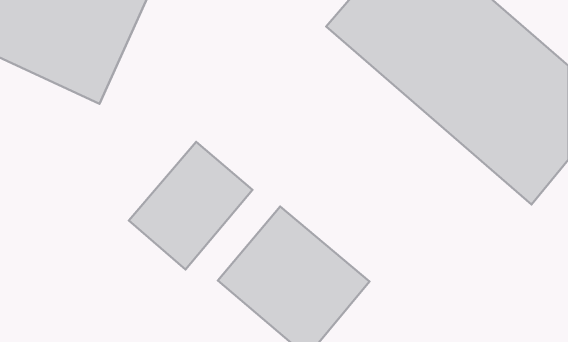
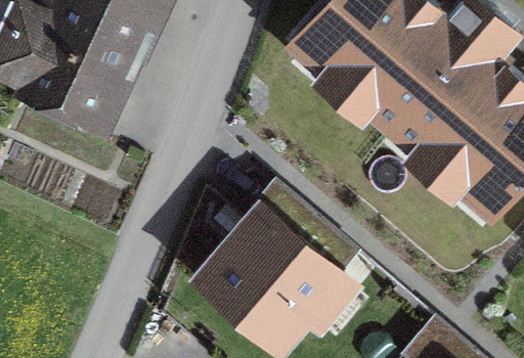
building: [129,142,253,269] -> none

